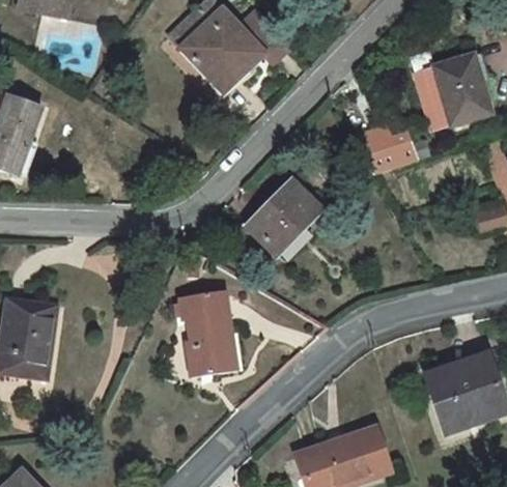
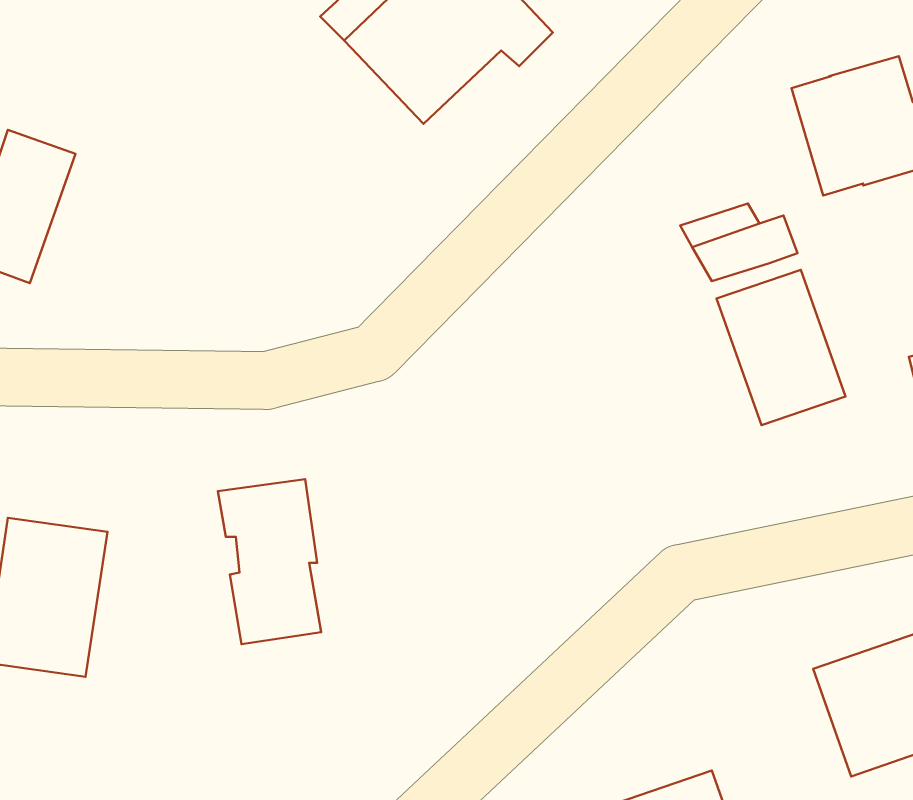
building: none -> [717,270,846,425]
building: [251,180,320,253] -> none
building: [180,290,234,376] -> [218,479,321,644]

